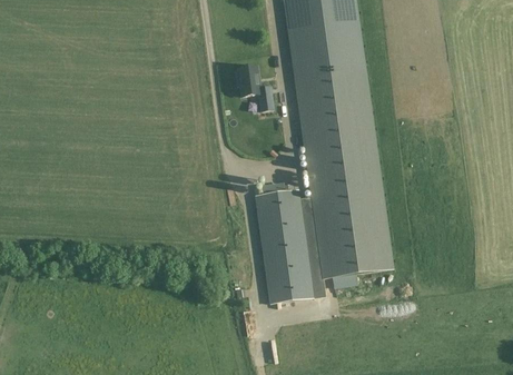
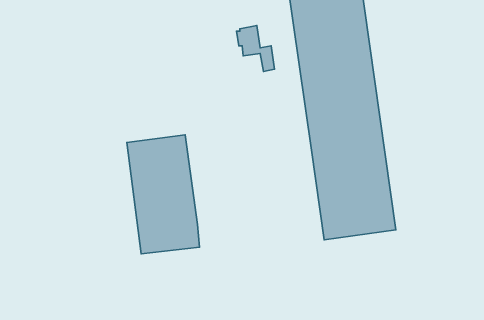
building: [253,186,325,304] -> [127,135,200,254]

